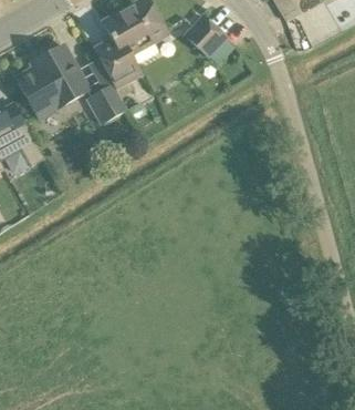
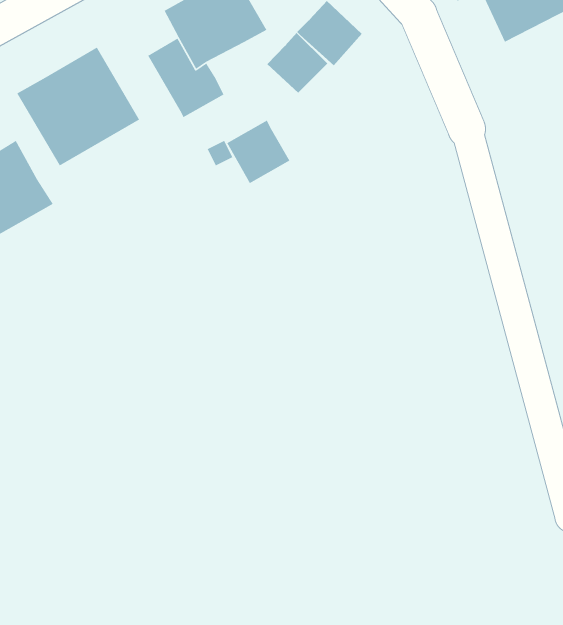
building: none -> [266,32,328,94]
building: [87,83,127,123] -> [226,120,291,184]

